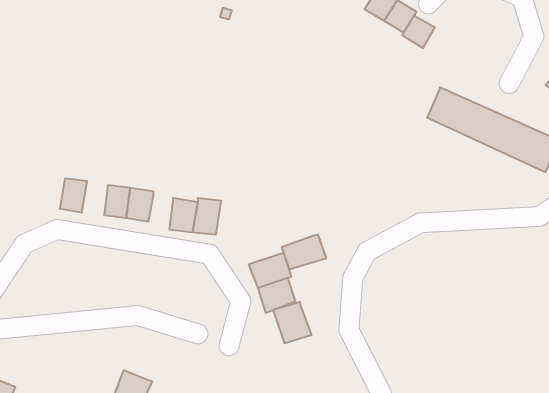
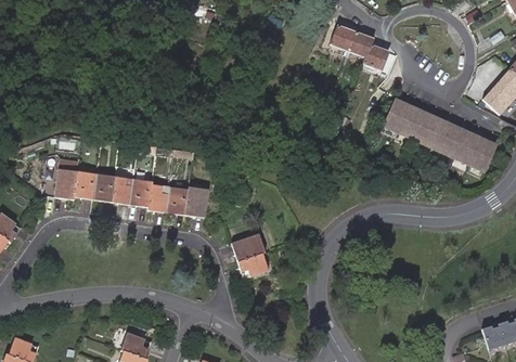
building: none -> [54,171,80,204]
building: none -> [94,177,116,205]
building: none -> [150,189,170,217]
building: [282,234,326,270] -> none
building: [273,302,311,343] -> none

